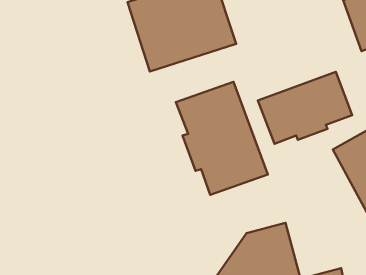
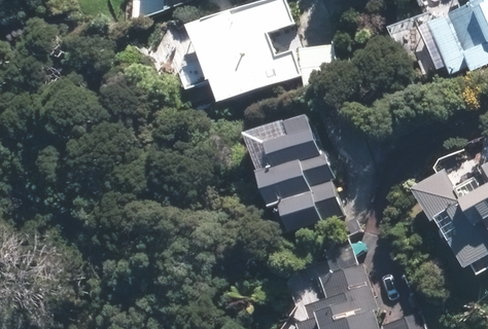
building: [258,72,352,144] -> none

